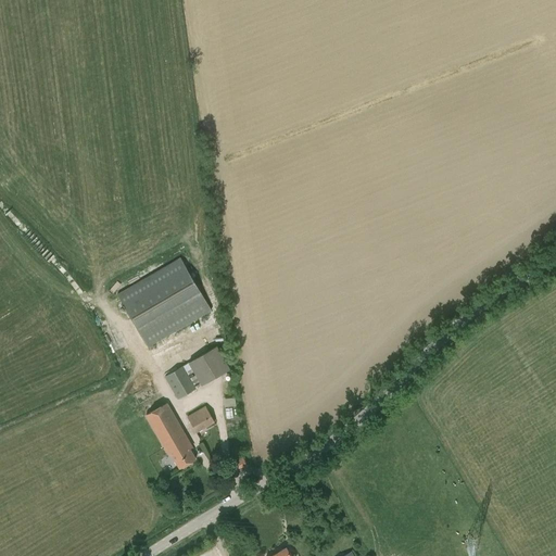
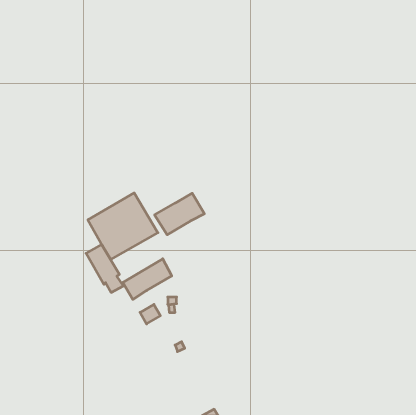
building: none -> [155,193,204,235]
building: [146,404,195,468] -> [86,244,123,292]

